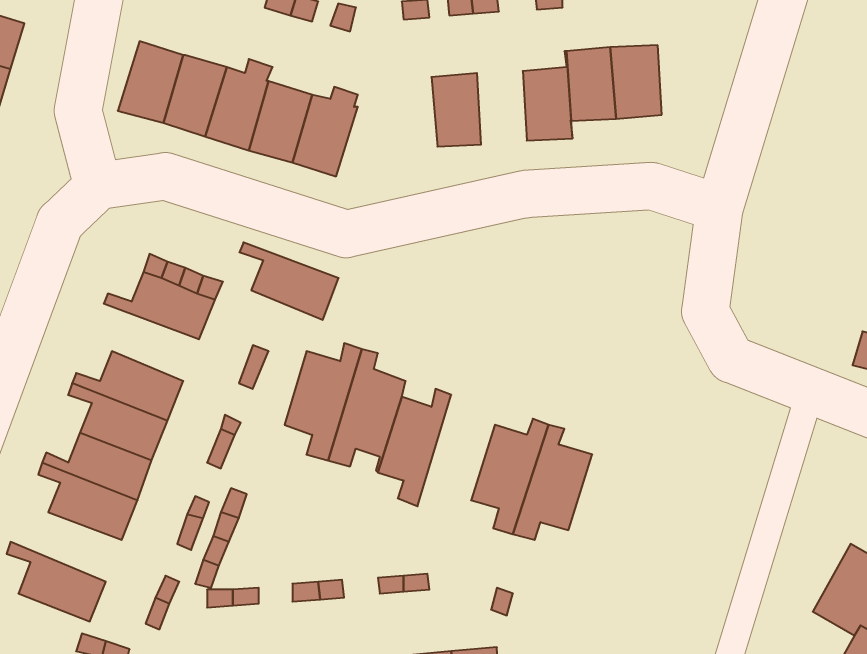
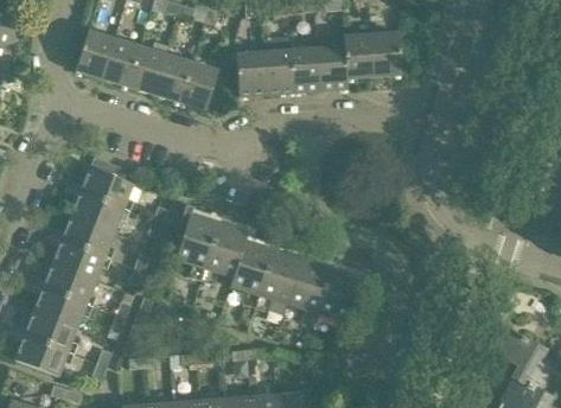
building: none -> [291,47,320,91]
building: none -> [236,51,267,95]
building: [239,242,339,320] -> [65,186,125,232]
building: none -> [255,241,301,311]
building: none -> [12,311,78,352]

